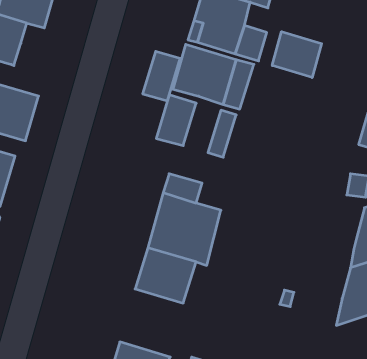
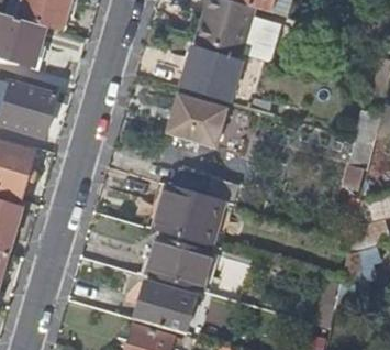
building: [272,32,322,78] -> none
building: [143,51,180,101] -> [191,101,226,147]
building: none -> [134,283,194,335]

